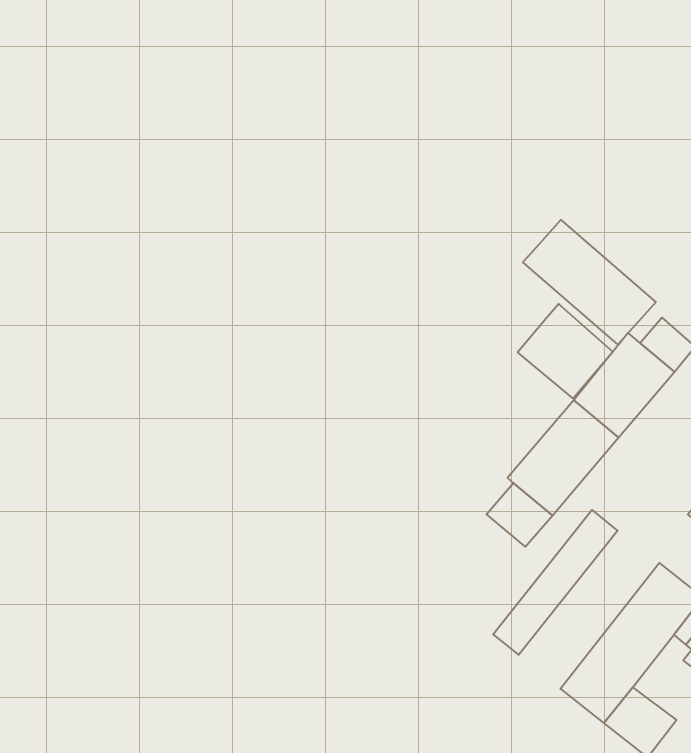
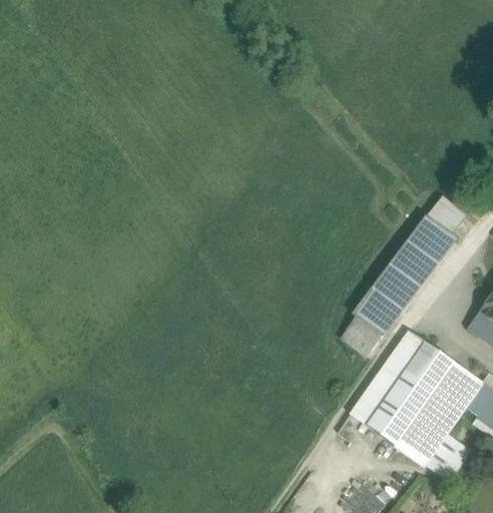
building: [523,220,656,345] -> none
building: [518,304,613,398] -> none
building: none -> [368,341,454,444]

